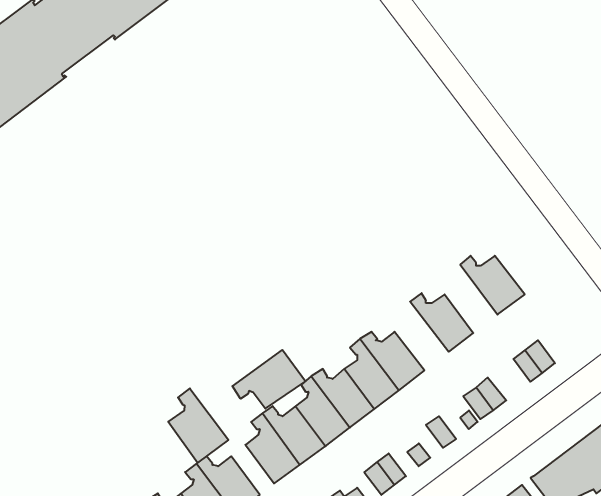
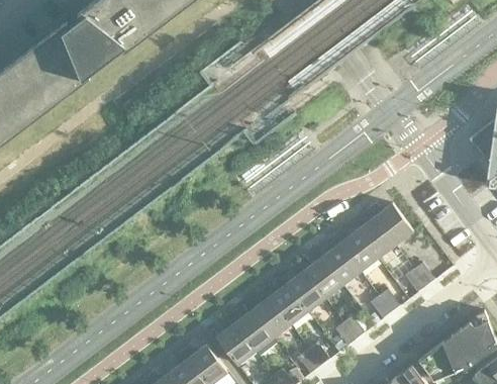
building: none -> [357,210,394,259]
building: none -> [321,236,360,285]
building: [232,350,305,409] -> none
building: [168,388,228,463] -> none

